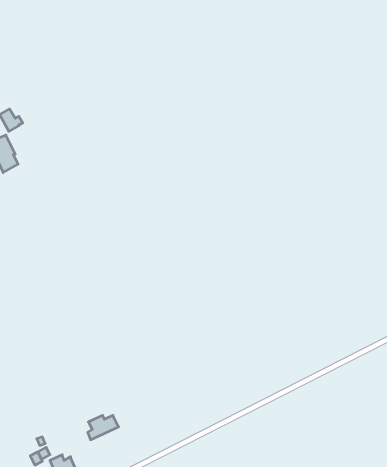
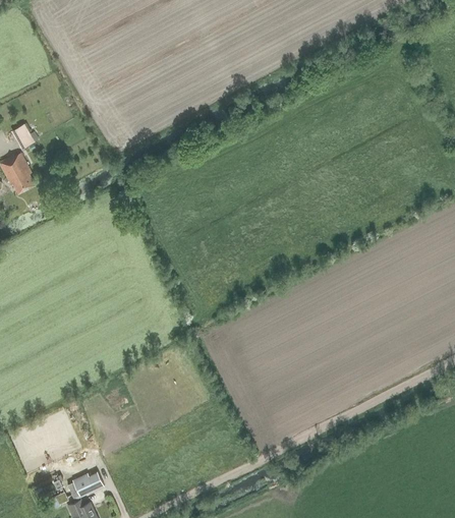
building: [88,415,119,440] -> [70,472,104,499]

